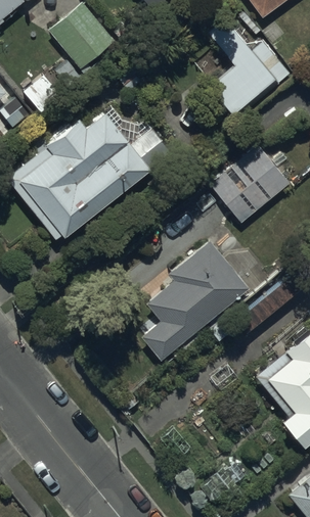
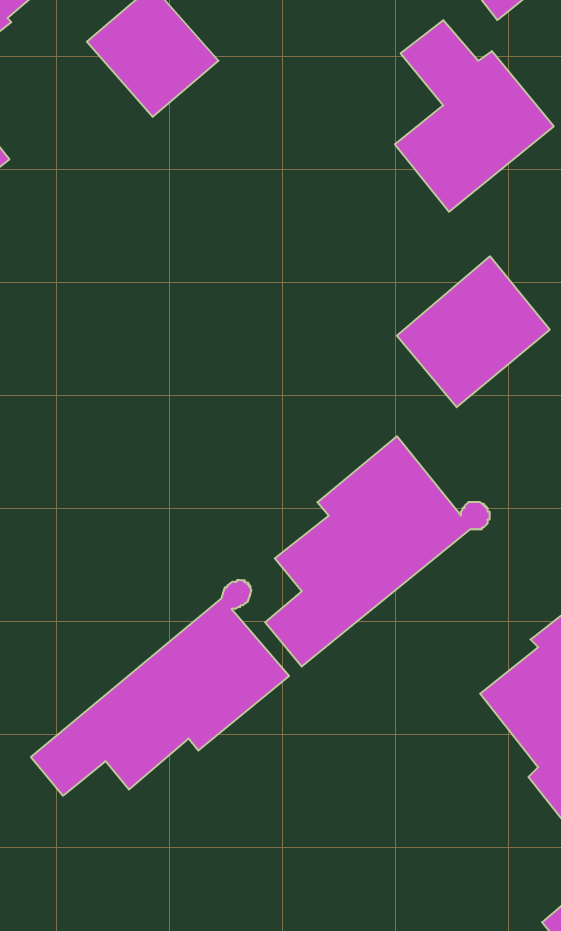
building: [6,105,172,239] -> none
building: none -> [31,580,289,796]

